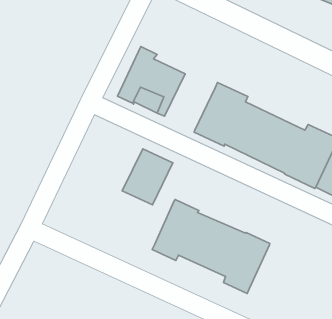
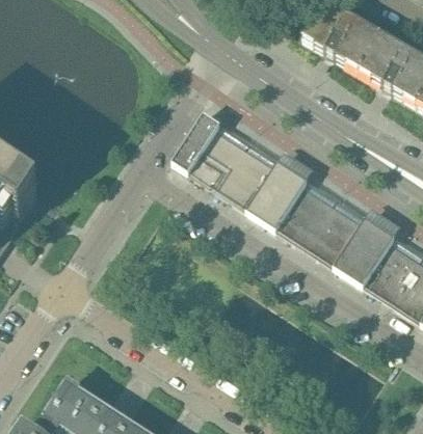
building: [122,149,173,205] -> [219,146,275,206]
building: [152,199,270,294] -> none

